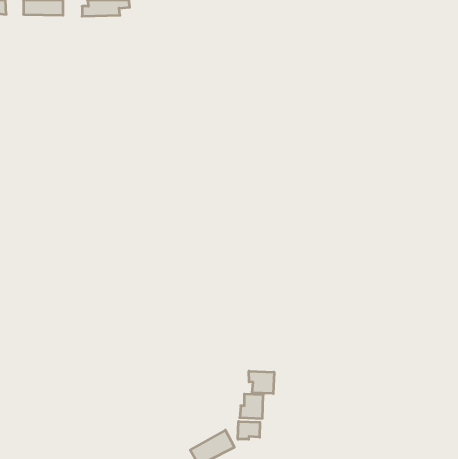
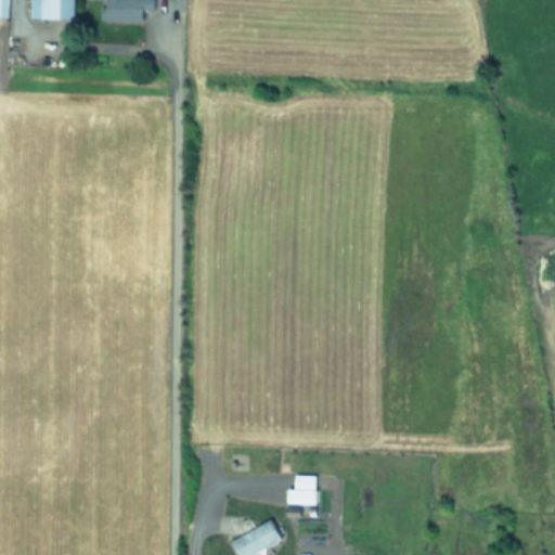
building: [249,371,274,394] -> none
building: [238,421,260,439] -> none

